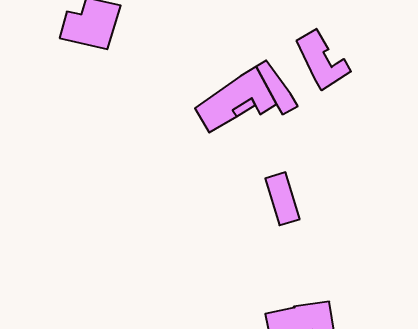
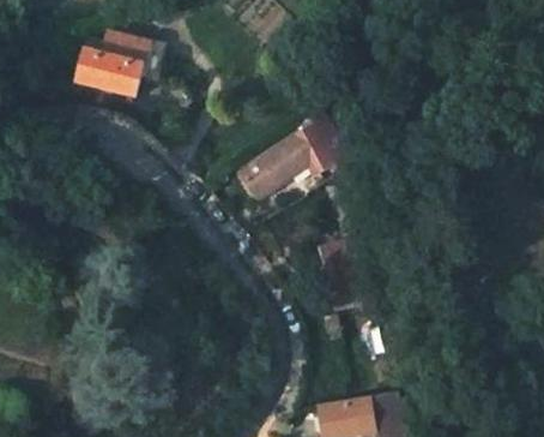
building: [297,29,351,90] -> none

